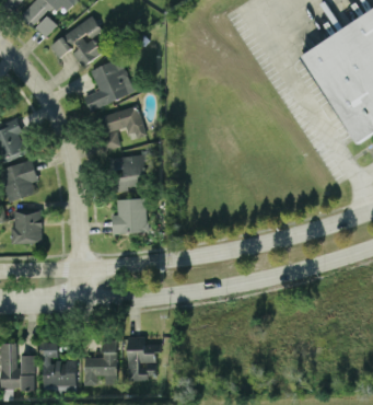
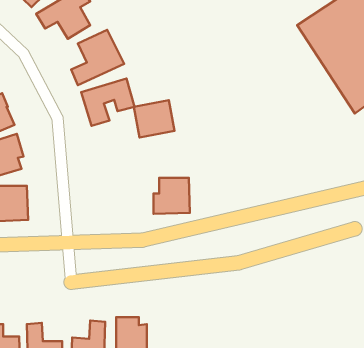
building: [108,155,148,192] -> [134,100,175,138]
building: [113,199,148,234] -> [154,178,190,214]

